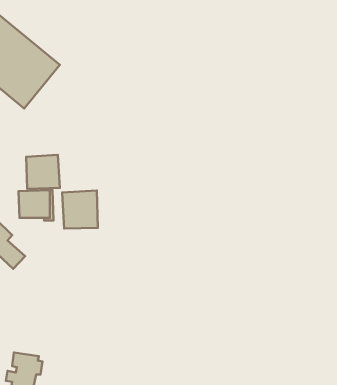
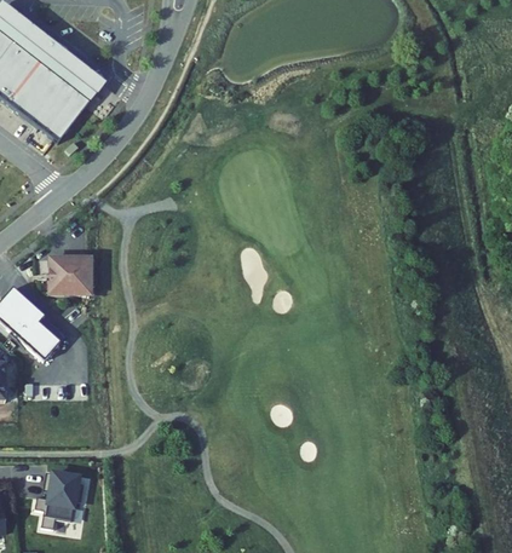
building: [26,155,60,189] -> none
building: [62,191,98,229] -> none

